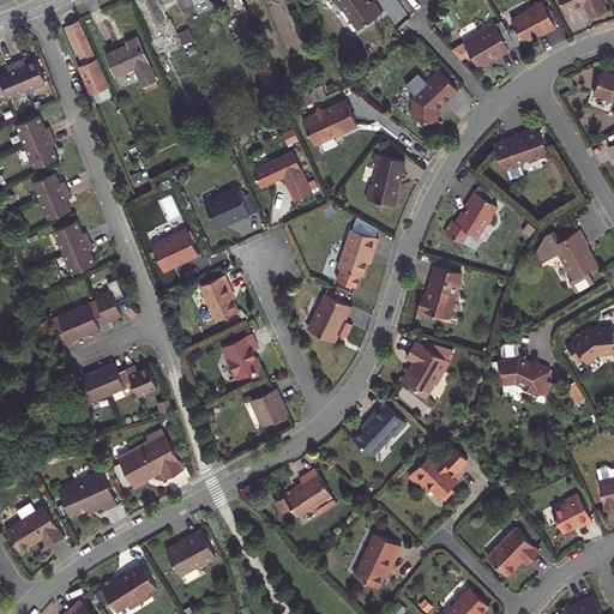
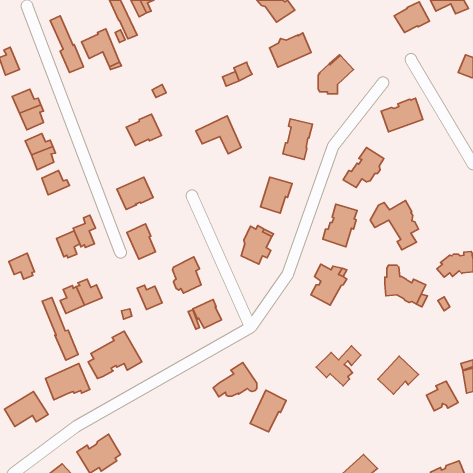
building: [450,25,510,70] -> none
building: [13,60,44,91] -> none
building: [302,101,356,145] -> [269,33,311,67]
building: [204,187,249,228] -> [126,114,162,146]
building: [534,230,596,294] -> [370,201,418,250]
building: [62,241,95,275] -> none
building: [199,276,236,321] -> [127,224,156,259]
building: [49,309,83,343] -> [9,253,35,279]
building: [125,366,157,397] -> [137,285,162,309]
building: none -> [42,298,78,360]
building: [353,403,405,457] -> none
building: [487,529,540,578] -> [378,356,418,394]
building: [163,530,212,574] -> none
building: [354,534,401,588] -> [250,390,286,432]

